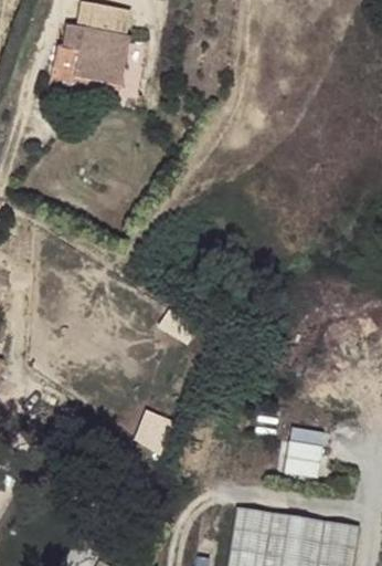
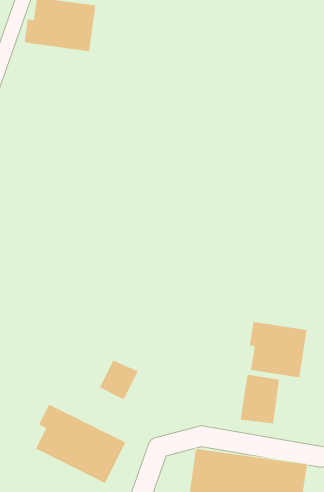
building: none -> [249,321,307,378]
building: none -> [35,404,126,484]

